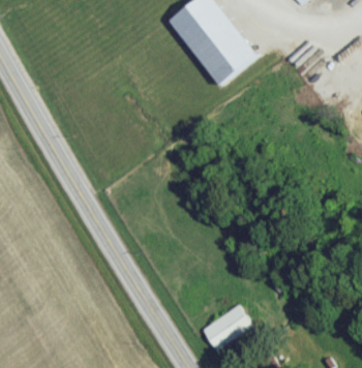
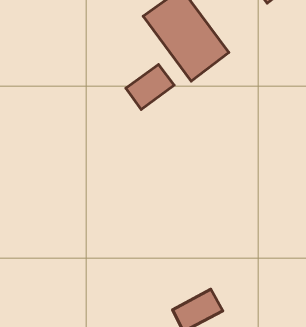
building: none -> [126,65,174,110]

